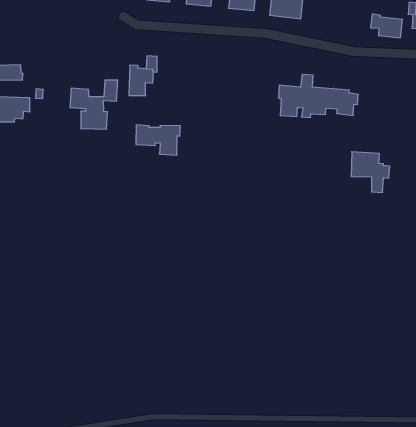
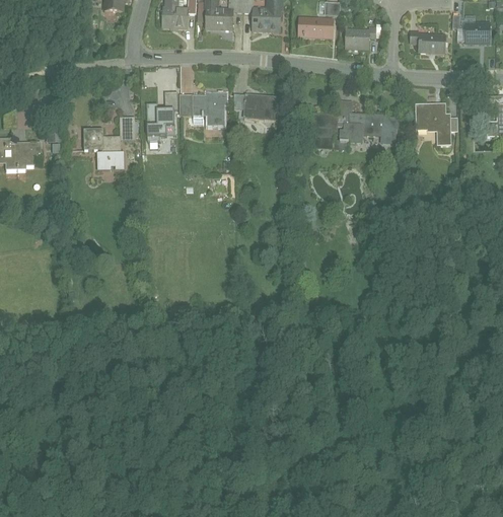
building: none -> [346,25,376,50]
building: none -> [233,94,277,121]
building: [136,125,180,155] -> [179,93,228,126]
building: [351,152,390,192] -> [413,102,455,145]

